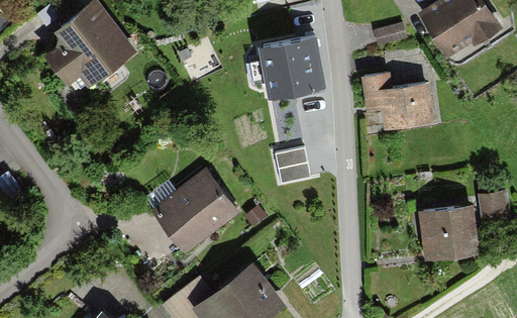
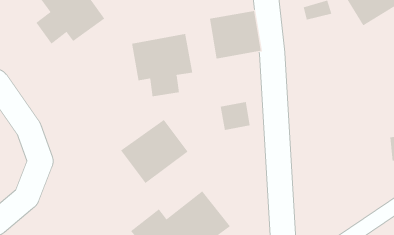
building: none -> [132,33,193,97]
building: [361,75,436,130] -> none
building: [420,205,477,256] -> none

